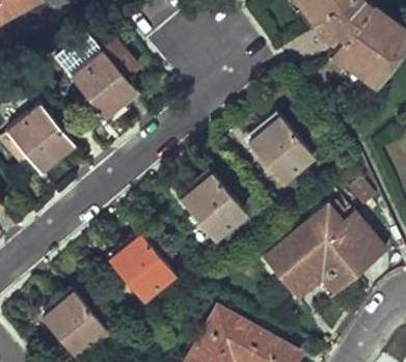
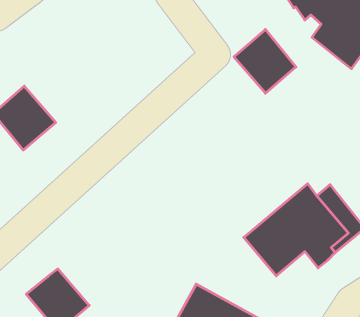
building: [72,43,138,118] -> none
building: [249,118,313,184] -> [234,29,296,93]
building: [182,174,245,241] -> none
building: [110,235,174,301] -> none

